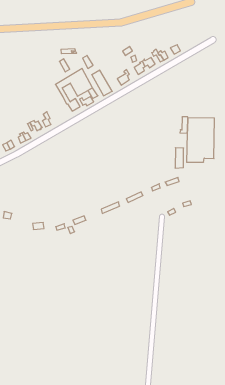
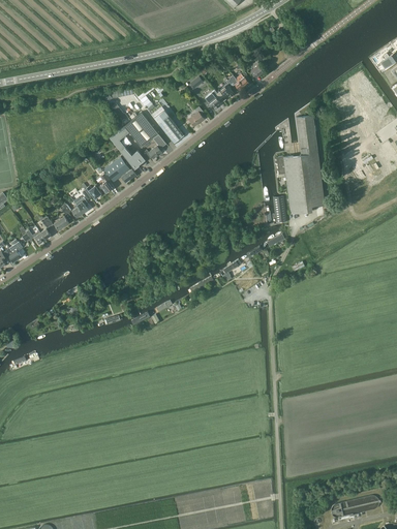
building: none -> [296,115,316,153]
building: none -> [103,156,135,182]

